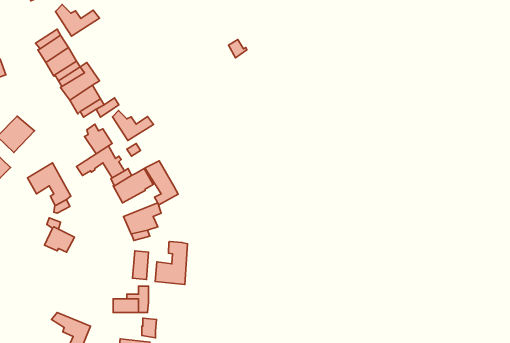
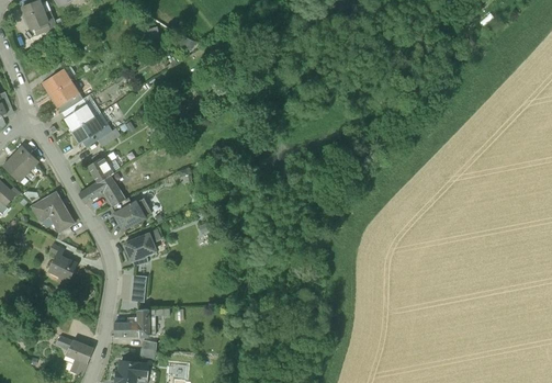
building: [55,5,100,36] -> none
building: [113,111,154,141] -> none
building: [145,161,178,205] -> none
building: [155,242,188,285] -> none

